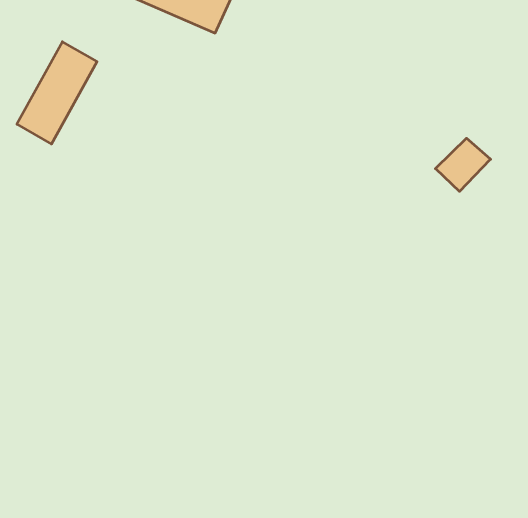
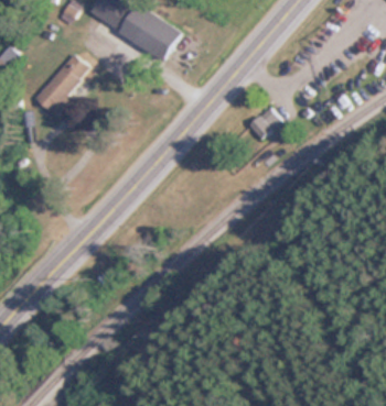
building: [435,138,491,191] -> [247,110,281,142]

